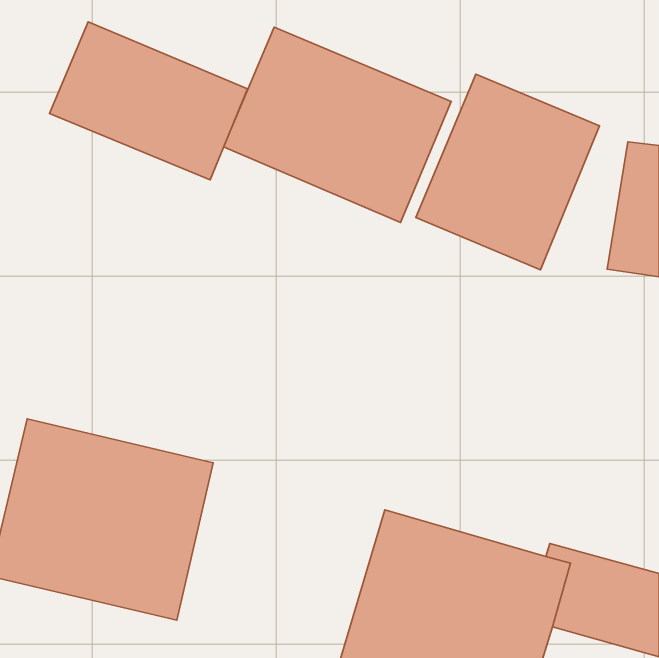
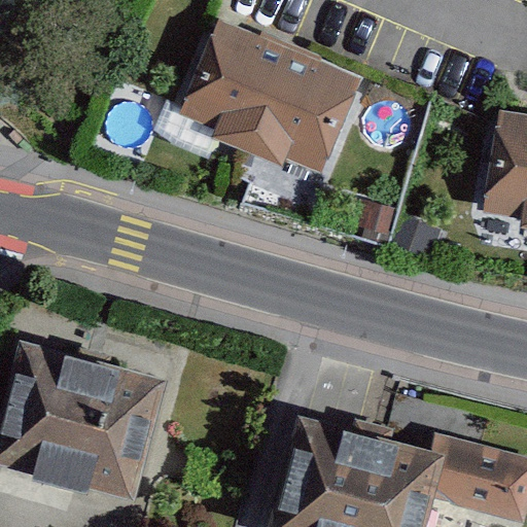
building: [50,22,248,180] -> none
building: [416,74,600,270] -> none

